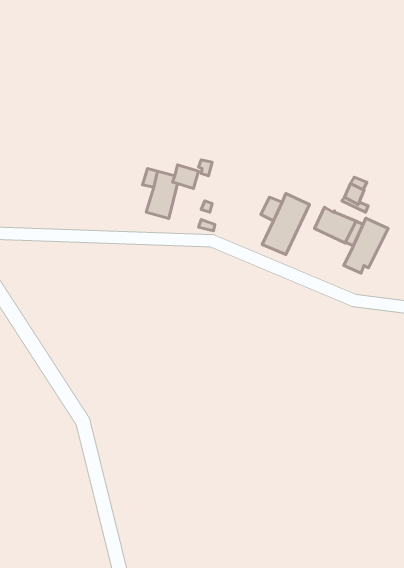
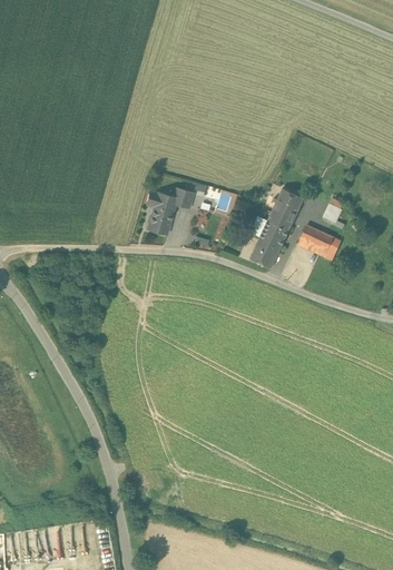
building: none -> [272,188,304,223]
building: [344,218,388,273] -> none

